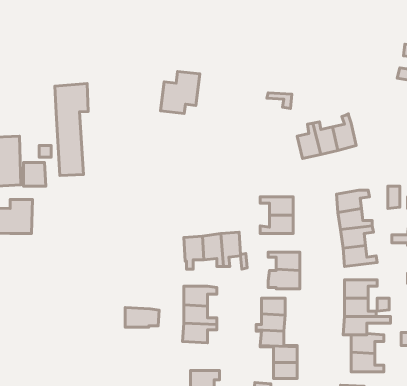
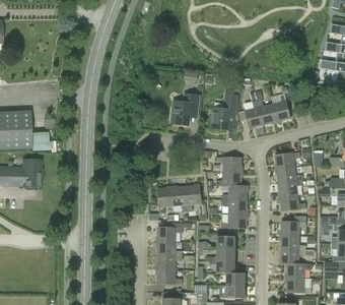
building: [160,71,200,113] -> [170,93,201,125]
building: [55,83,88,175] -> none
building: none -> [211,95,237,130]
building: none -> [208,186,248,200]
building: [125,307,159,327] -> [156,269,183,285]

